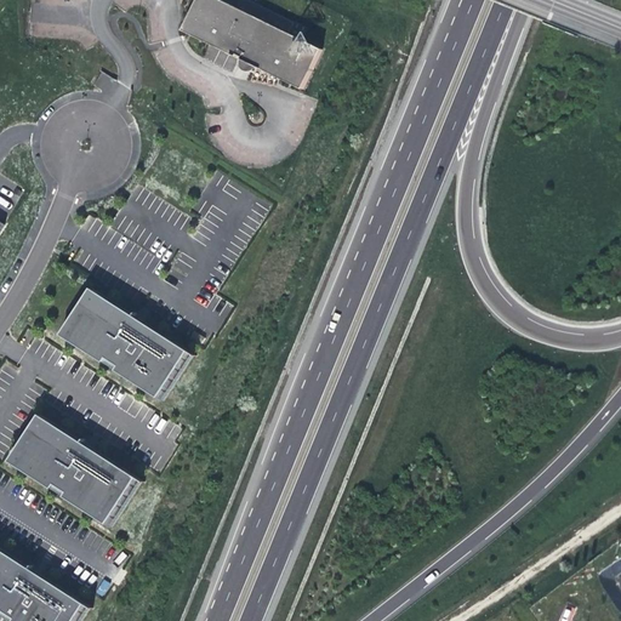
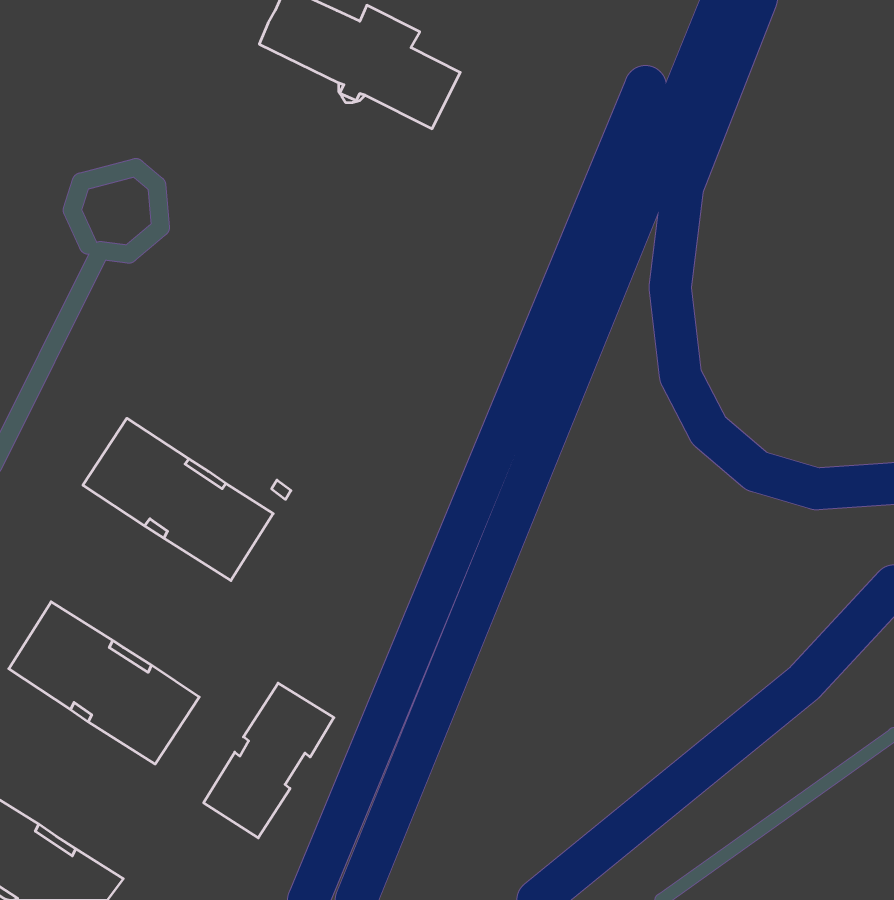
building: none -> [204,683,334,838]

